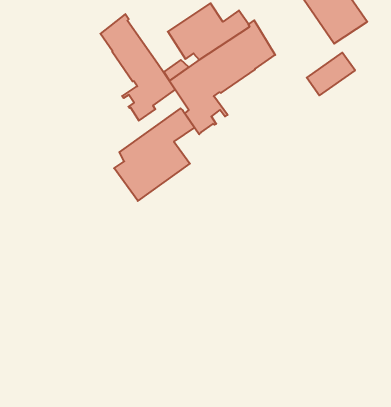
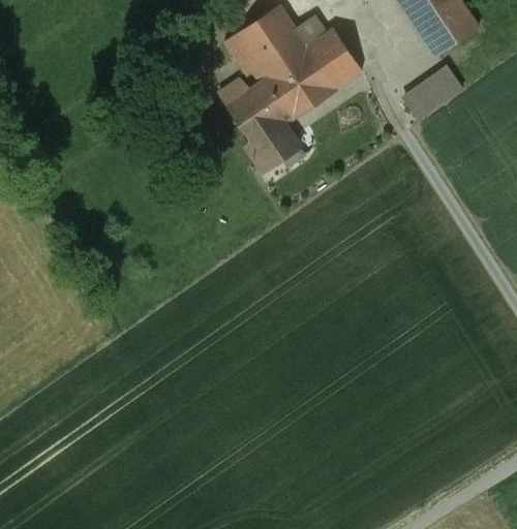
building: [100,14,175,121] -> none
building: [114,108,194,201] -> none

